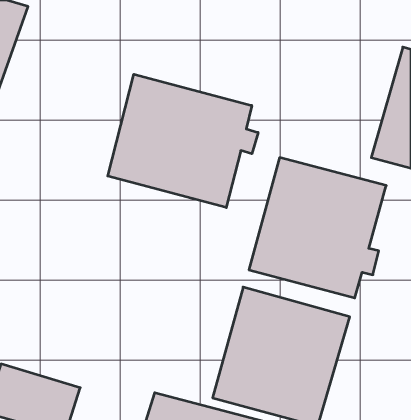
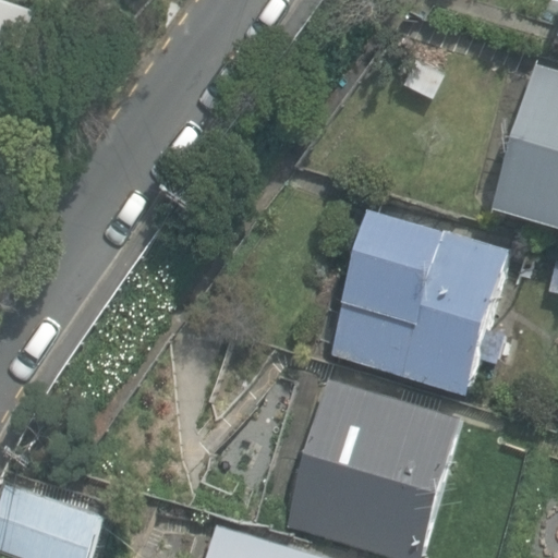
building: [108,74,258,208] -> none

